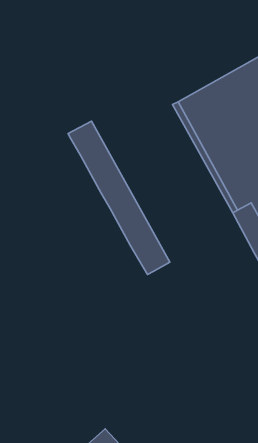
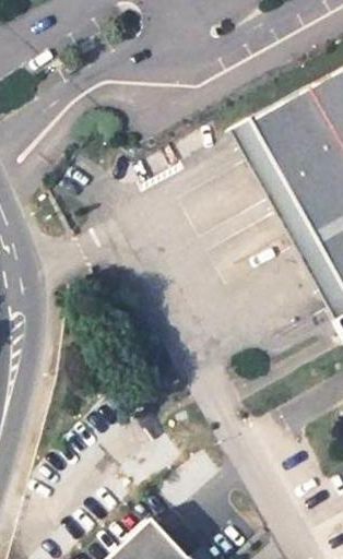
building: [68,121,170,275] -> none

